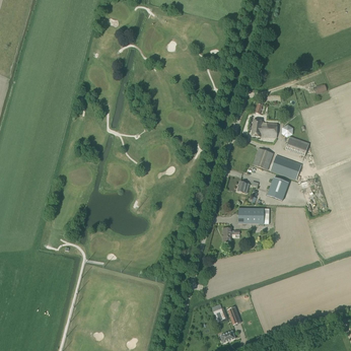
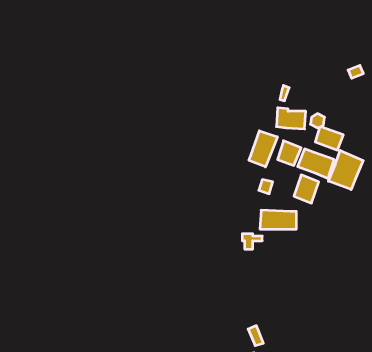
building: none -> [249,131,277,167]
building: none -> [328,150,363,190]

